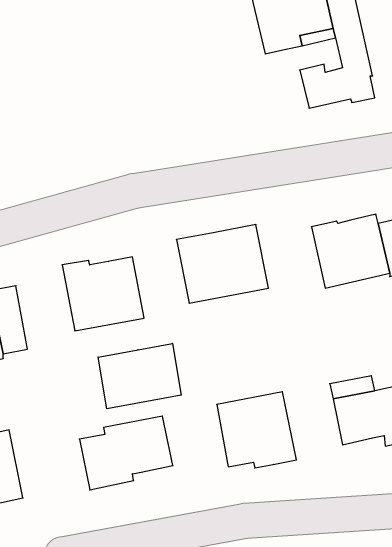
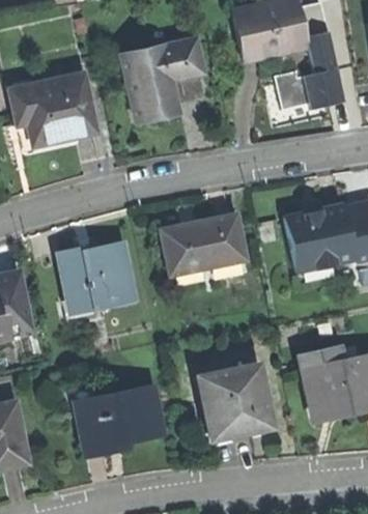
building: none -> [122,38,202,120]
building: none -> [11,74,97,145]
building: [98,343,181,409] -> none

